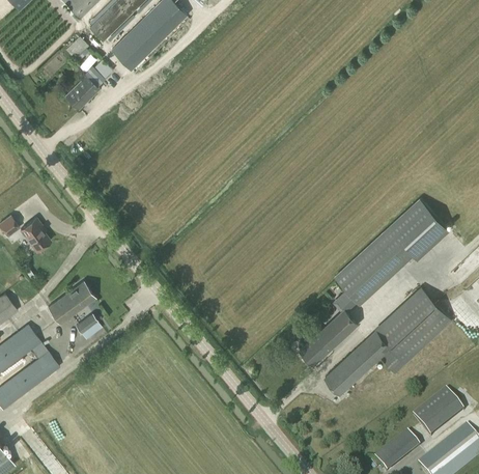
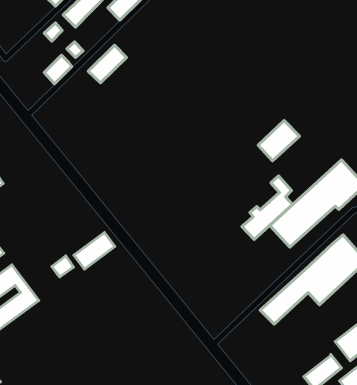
building: [111,19,157,63] -> [88,45,127,83]
building: none -> [258,120,300,161]
building: [19,218,50,252] -> none
building: [47,280,95,324] -> [74,232,115,269]
building: [299,289,359,365] -> [242,176,293,240]

